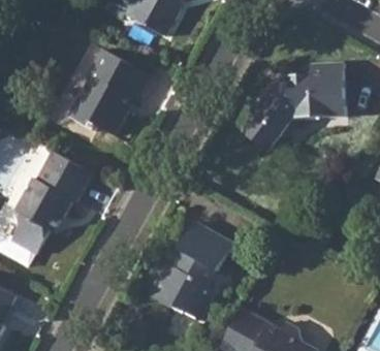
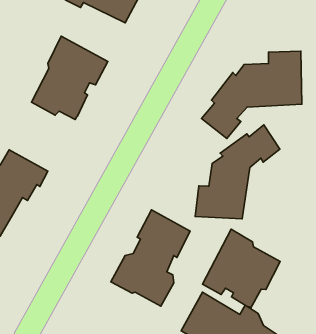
building: none -> [195,125,280,219]
building: none -> [202,229,280,308]

